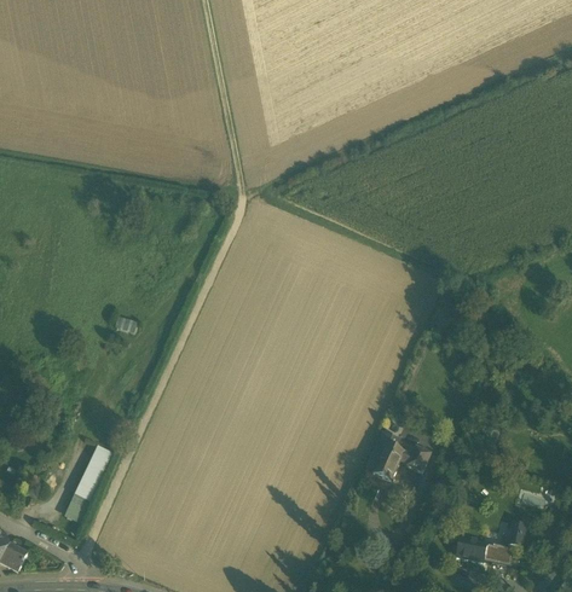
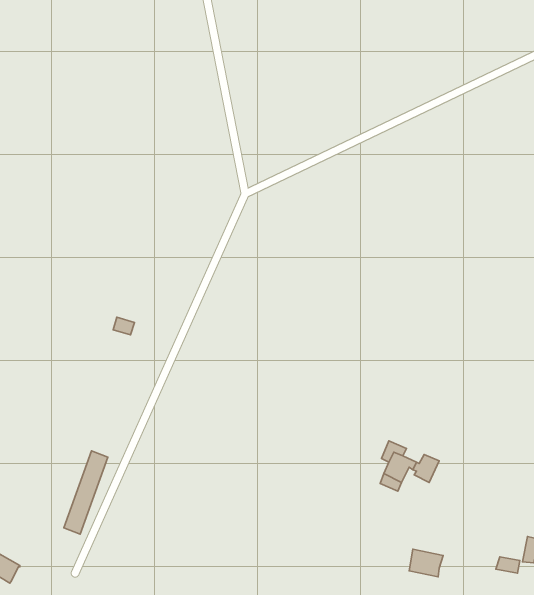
building: [453,538,486,564] -> [409,549,443,577]

